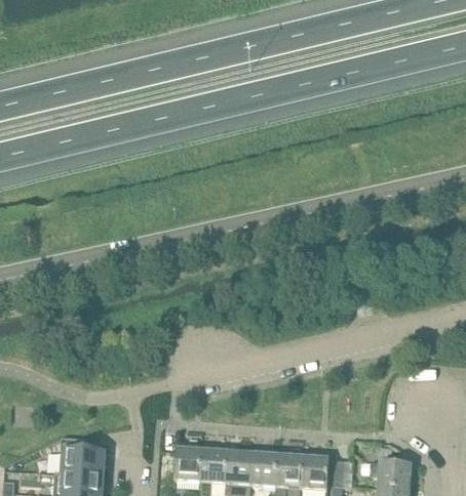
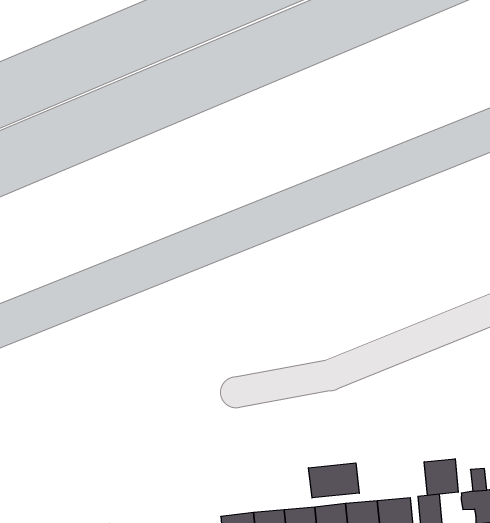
building: none -> [309,463,359,498]
building: none -> [424,459,458,495]

